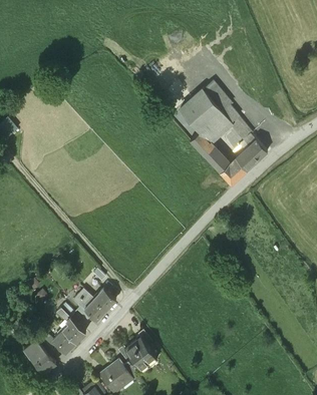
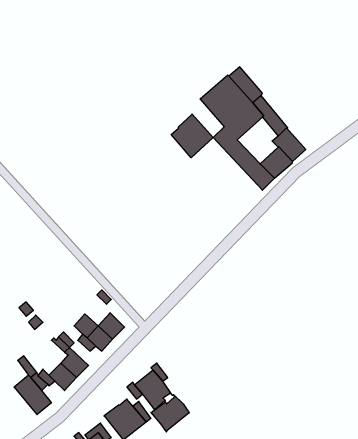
building: none -> [171,114,213,158]
building: none -> [151,395,189,432]

